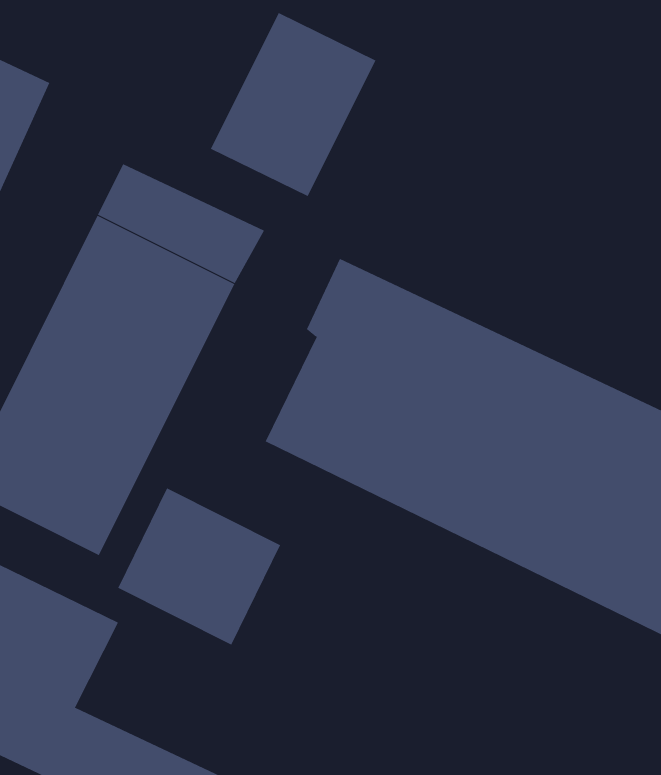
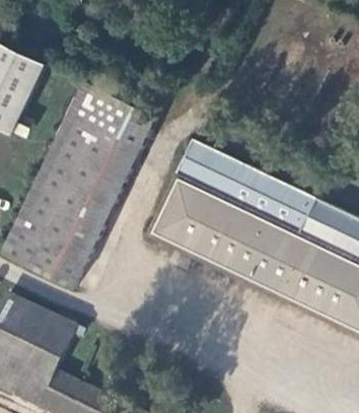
building: [210,12,376,197] -> none
building: [117,488,281,645] -> none

